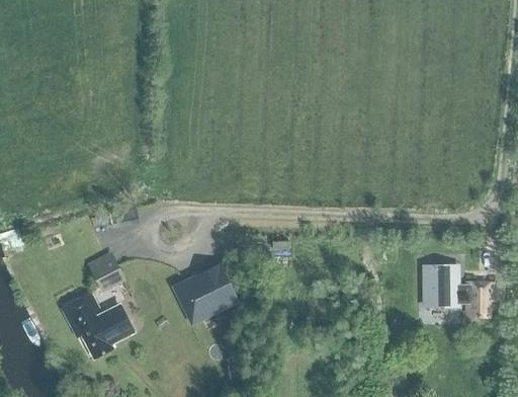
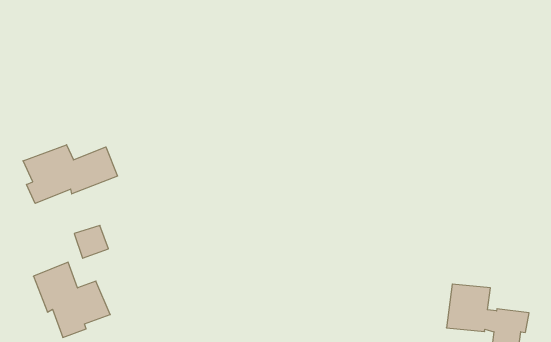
building: none -> [23,145,117,203]
building: [178,265,236,319] -> none

